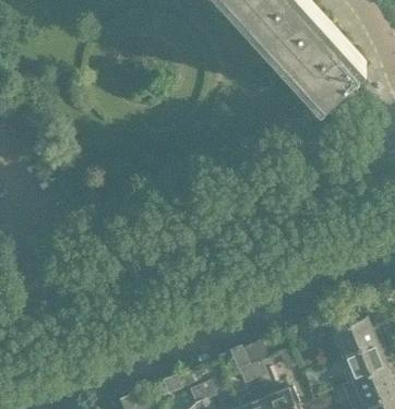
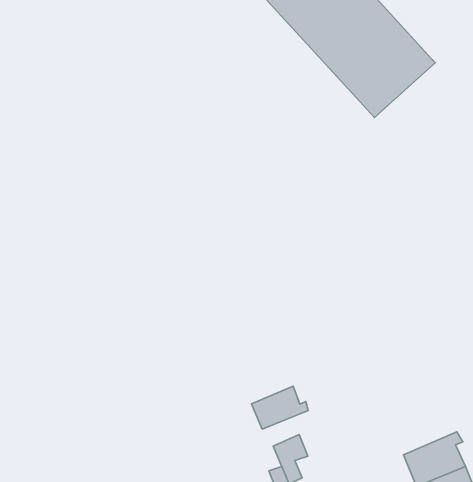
building: none -> [251,386,308,429]
building: [331,317,382,358] -> none

